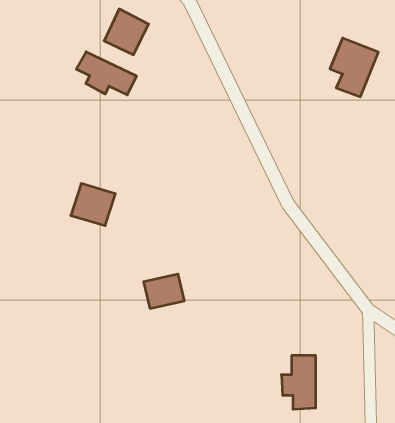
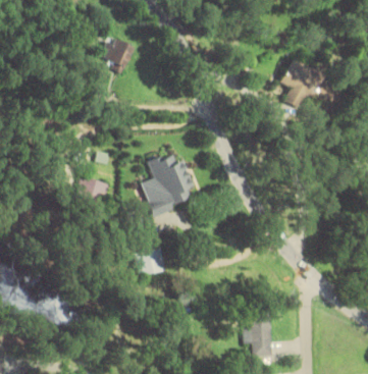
building: [76,52,136,95] -> none
building: none -> [142,153,195,217]

